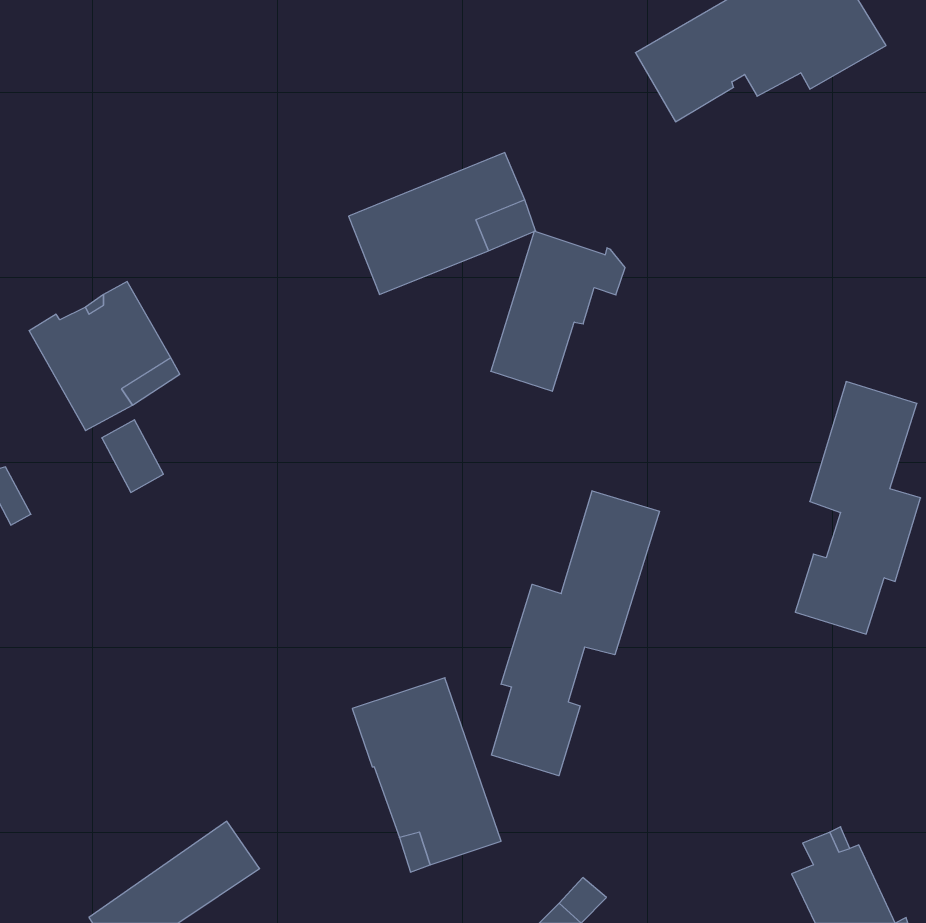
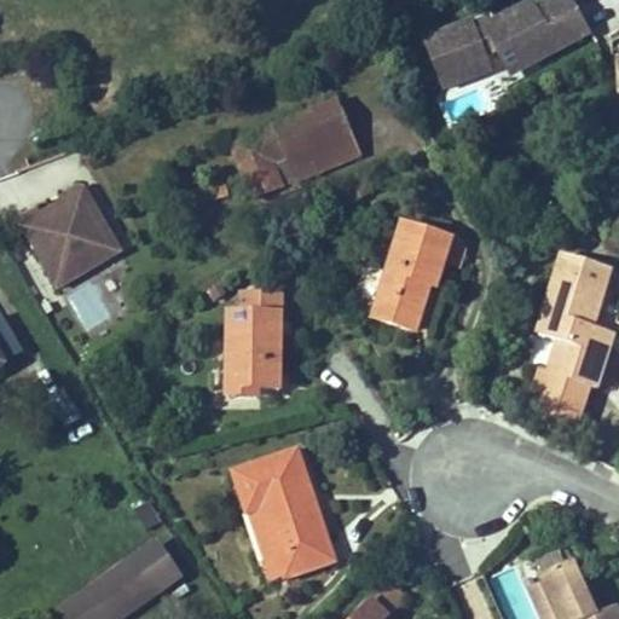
building: [491,231,625,391] -> [375,224,464,330]
building: none -> [228,293,290,388]
building: [492,491,659,776] -> none

